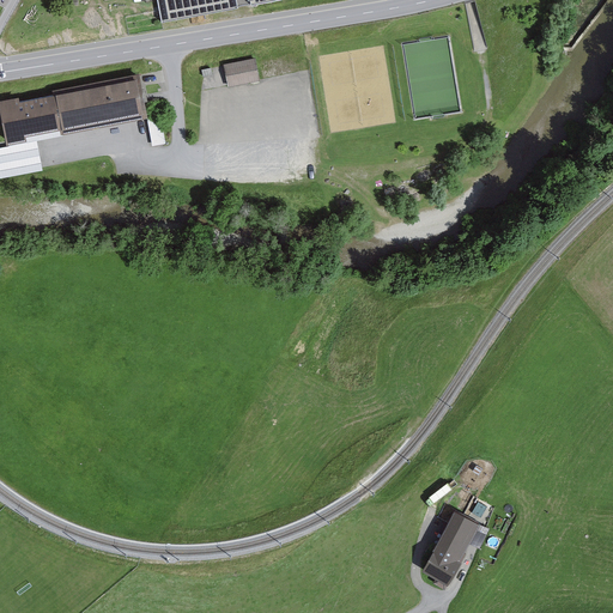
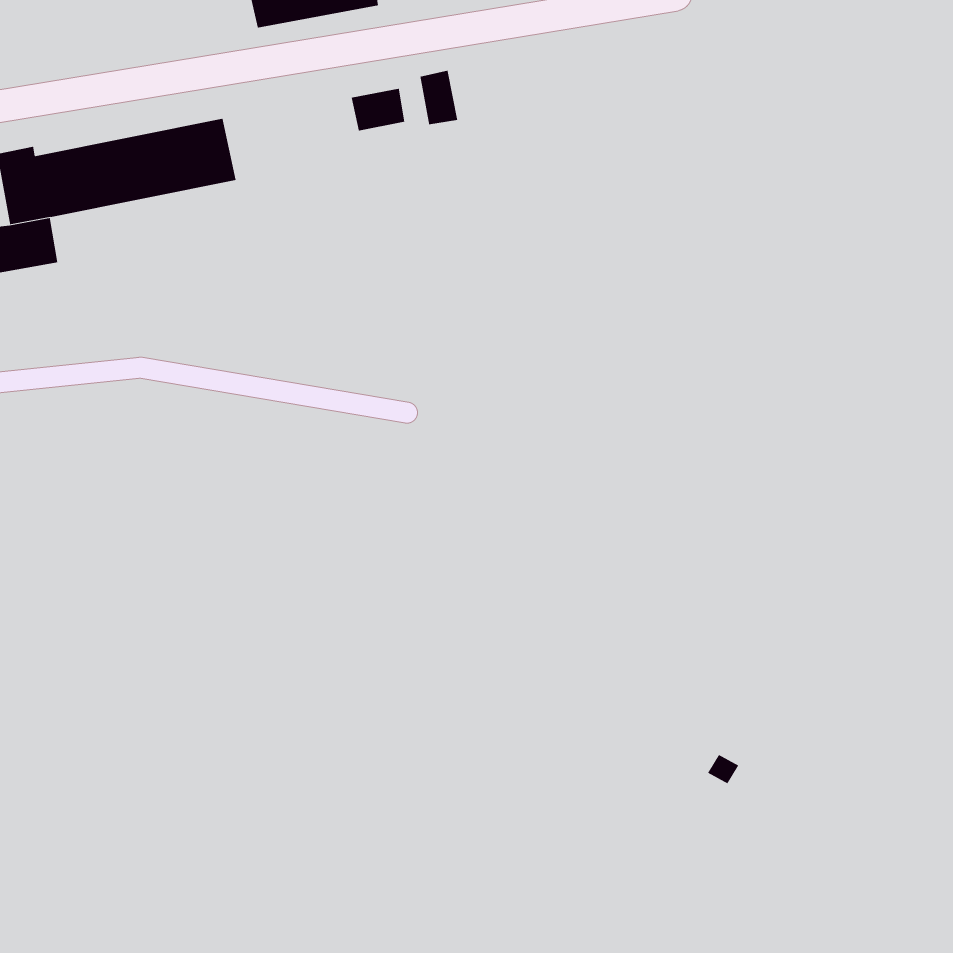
building: none -> [420,70,458,125]
building: [415,504,486,582] -> none

